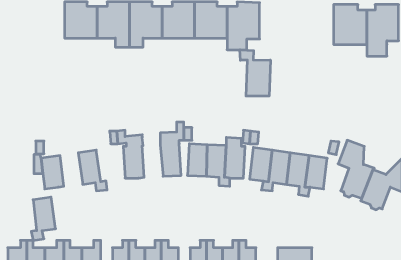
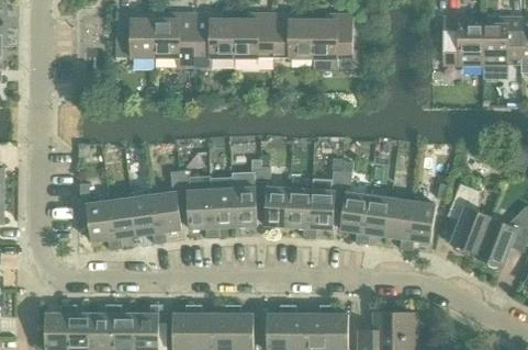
building: [240,50,270,96] -> none
building: none -> [205,179,235,239]
building: none -> [154,192,182,234]
building: [31,197,56,240] -> [108,199,137,251]

